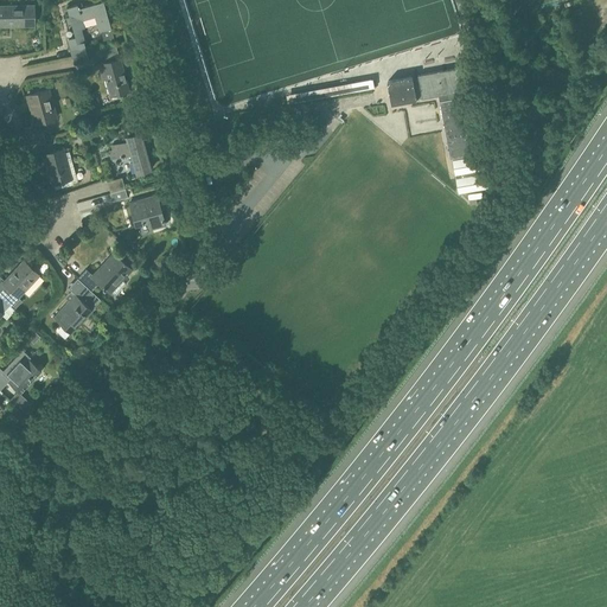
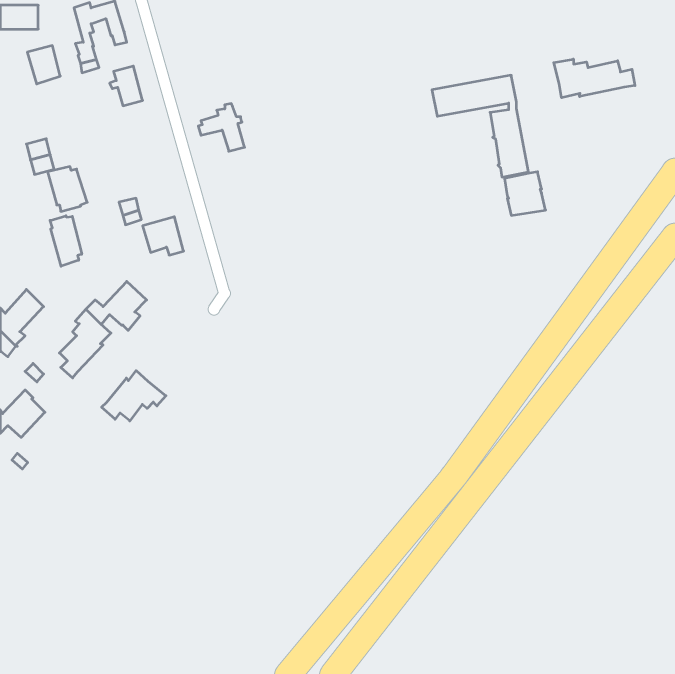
building: none -> [554,59,635,98]
building: [26,91,56,126] -> [27,46,60,84]
building: [109,132,151,174] -> [198,104,245,151]
building: none -> [50,216,82,266]
building: none -> [102,371,166,421]

